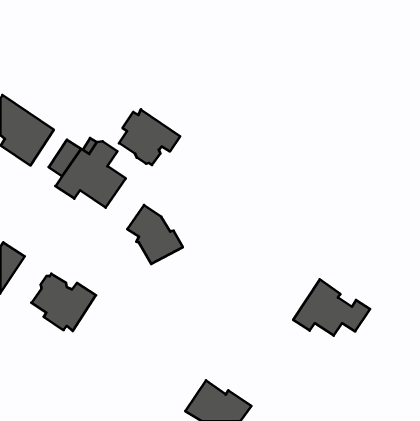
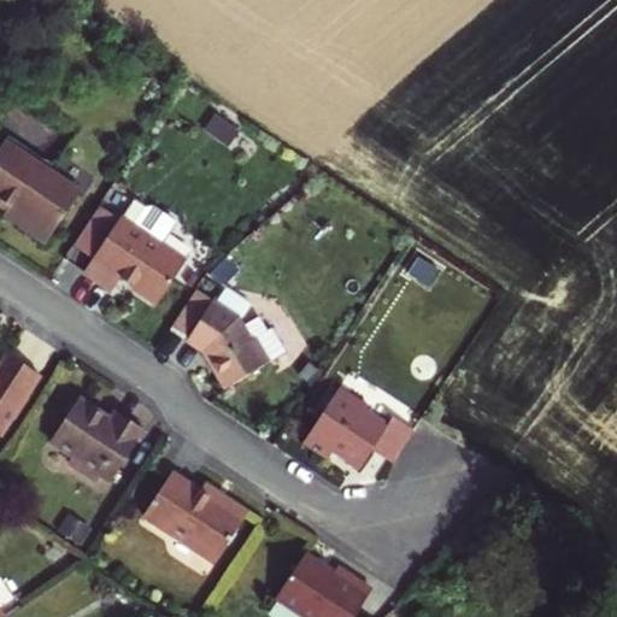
building: [119,109,180,165] -> none
building: none -> [169,288,213,352]
building: [293,279,370,336] -> [300,384,412,466]
building: none -> [141,472,247,564]

